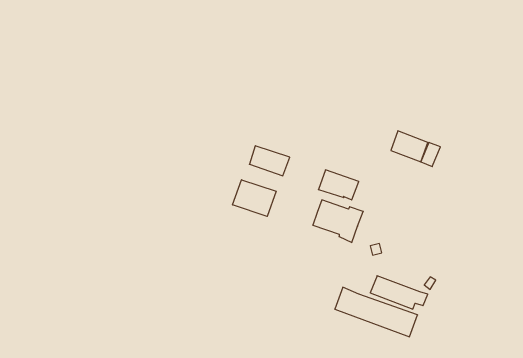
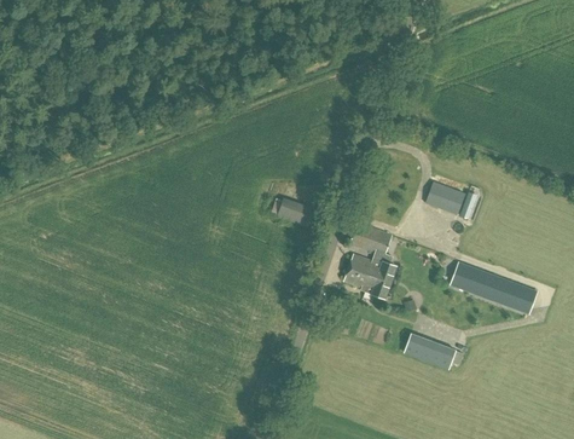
building: [233,180,276,216] -> none
building: [335,287,418,337] -> [450,261,537,313]

